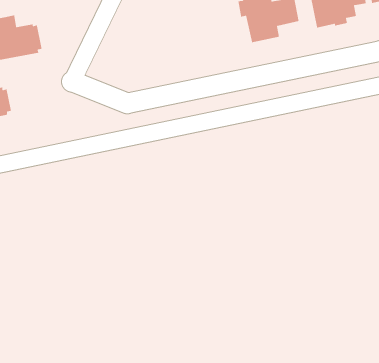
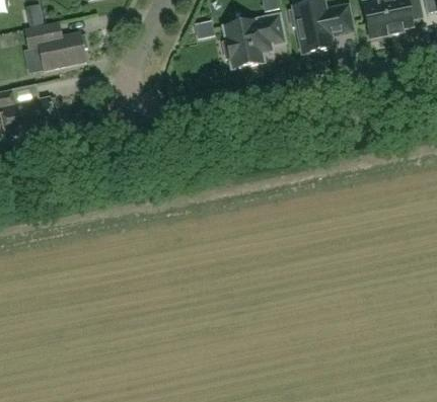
building: none -> [222,14,284,67]

